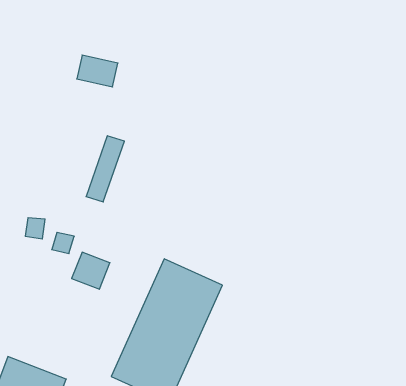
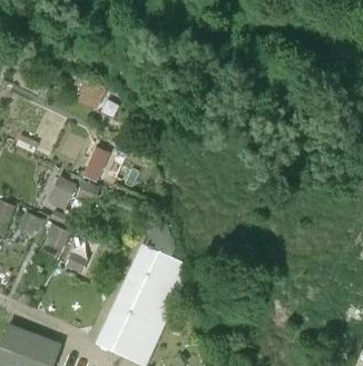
building: none -> [43,172,76,207]

